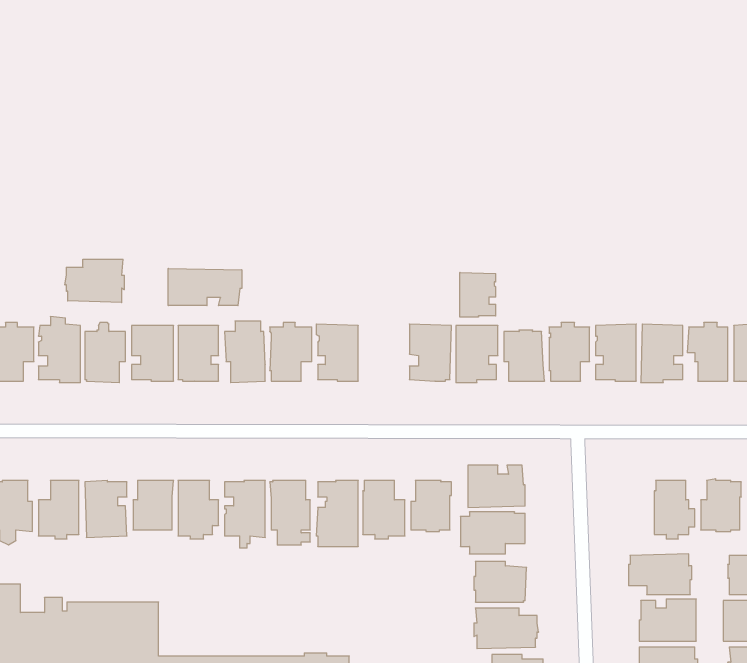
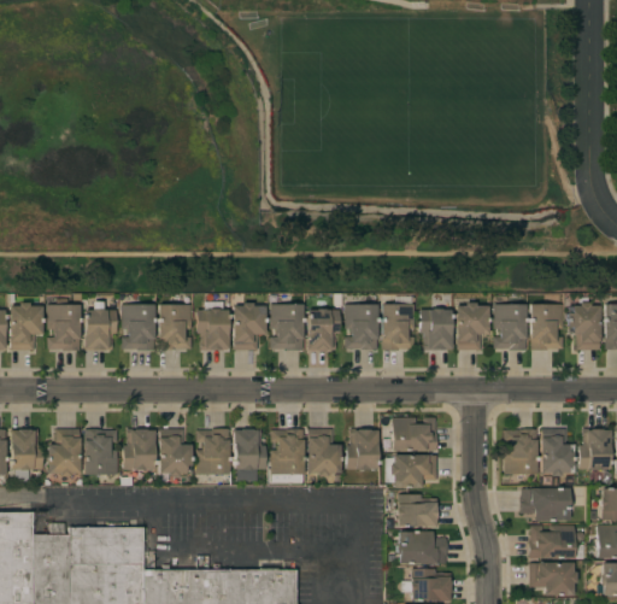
building: [65,259,124,303] -> none
building: [168,268,242,306] -> none
building: [460,272,496,317] -> none
building: none -> [307,309,340,350]
building: none -> [504,429,537,475]

